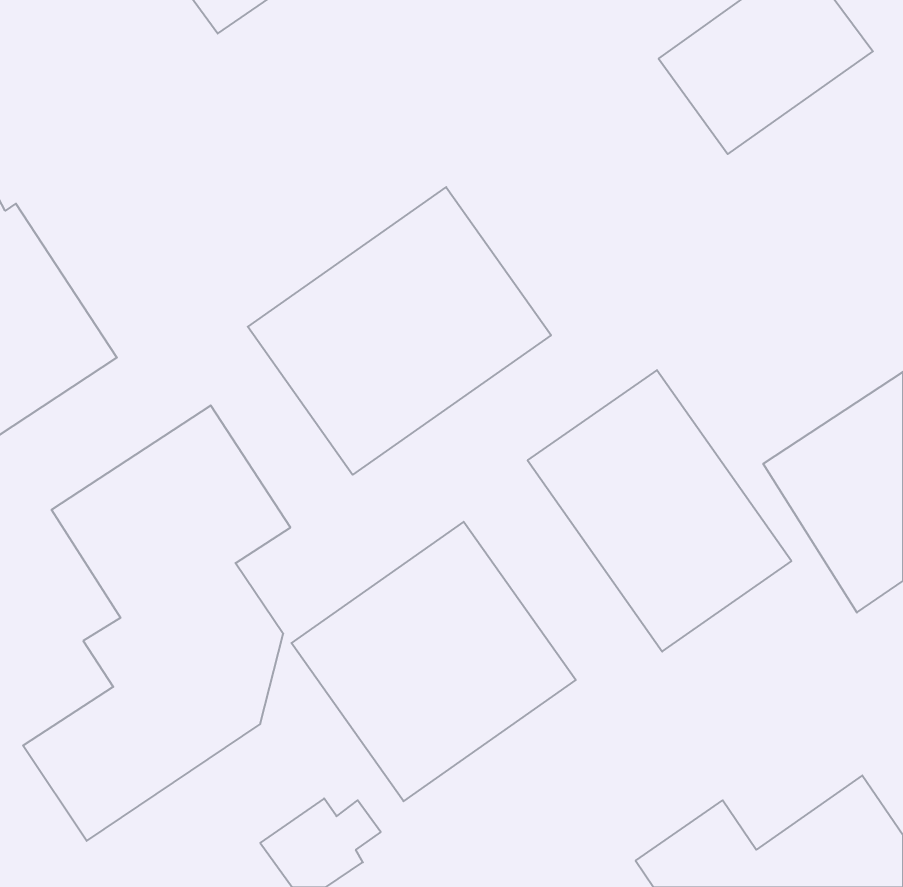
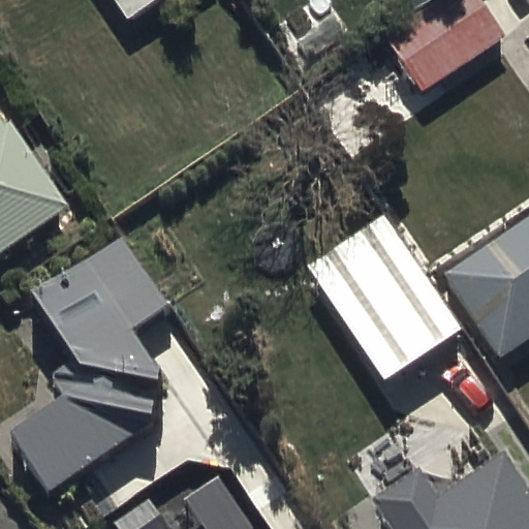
building: [248,187,551,475] -> none
building: [291,522,576,801] -> none

